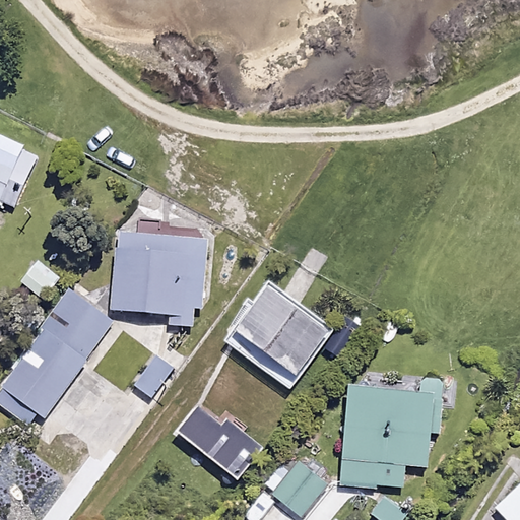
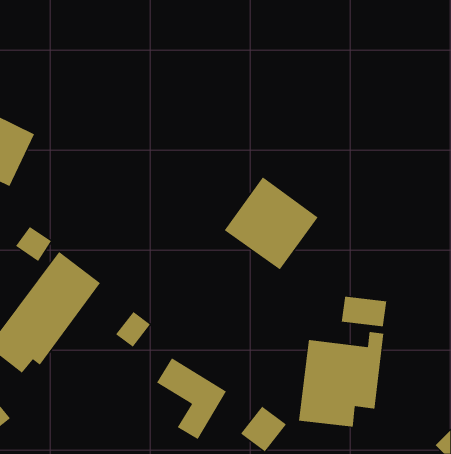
building: [113,230,208,326] -> none
building: [225,280,333,387] -> [224,176,319,270]
building: none -> [341,296,387,327]

